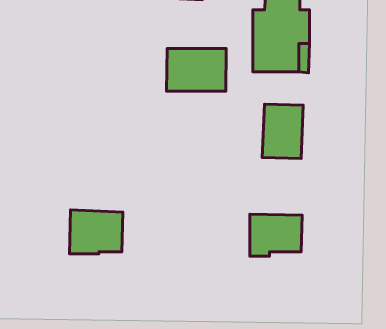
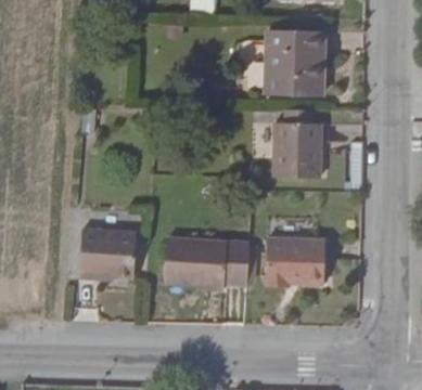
building: [167,49,226,91] -> none
building: none -> [163,239,247,284]

